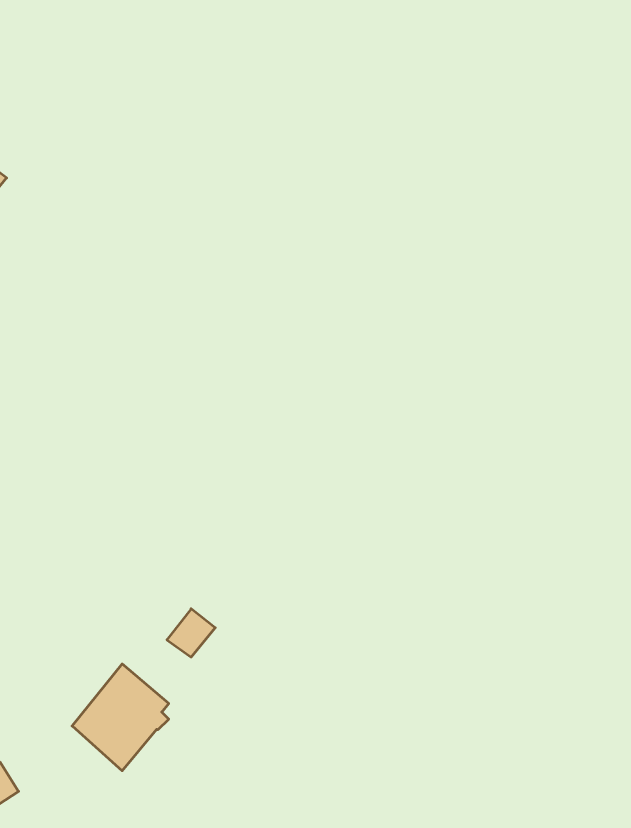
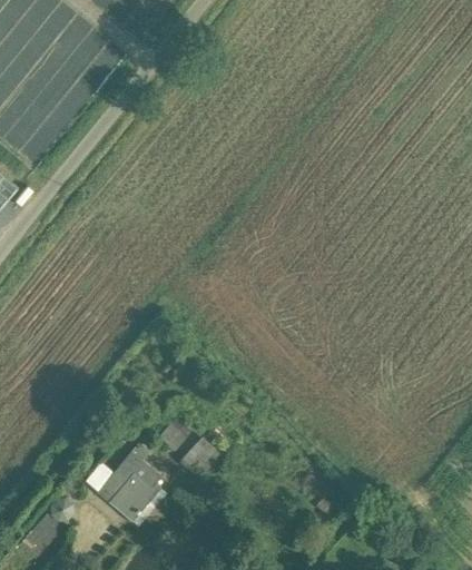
building: none -> [174,432,218,476]

